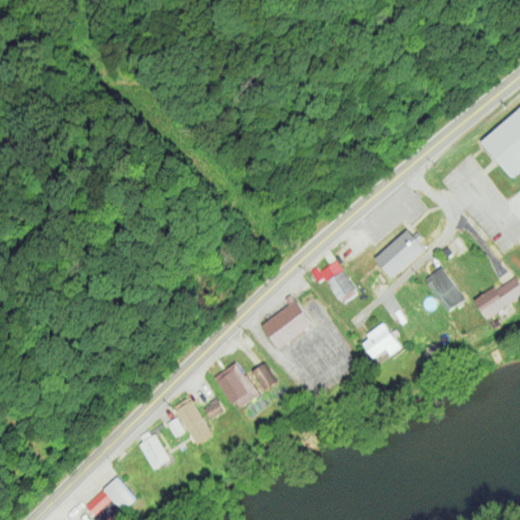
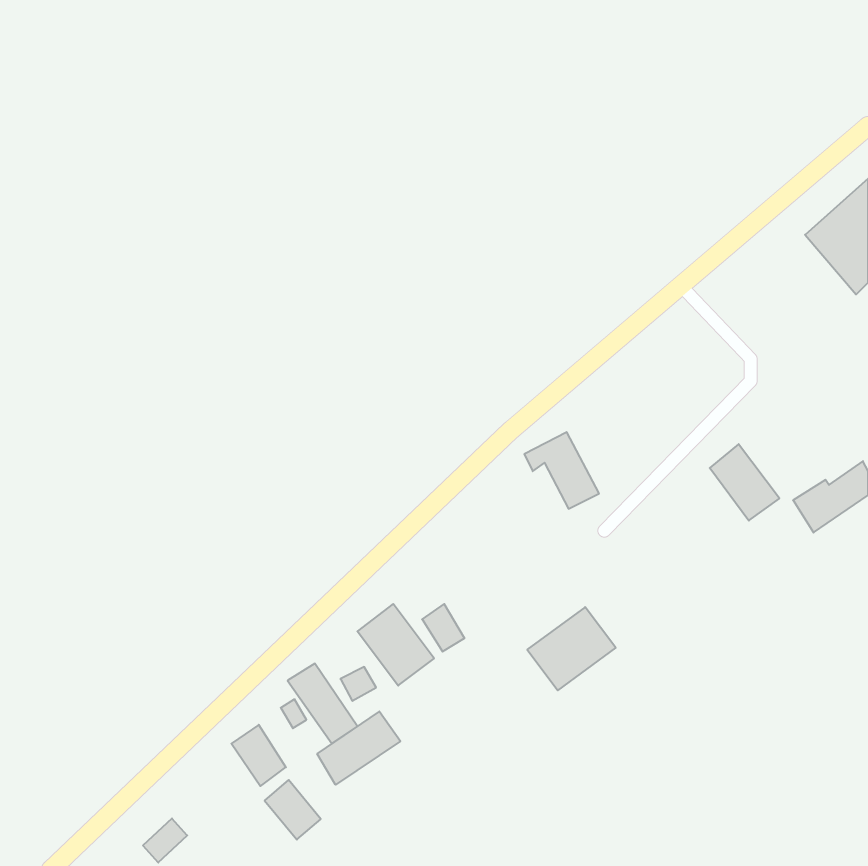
building: [375,228,425,279] -> none
building: [260,301,313,350] -> [527,607,616,690]
building: [361,324,401,359] -> none
building: none -> [317,711,400,785]
building: [104,477,137,513] -> [265,780,321,840]

